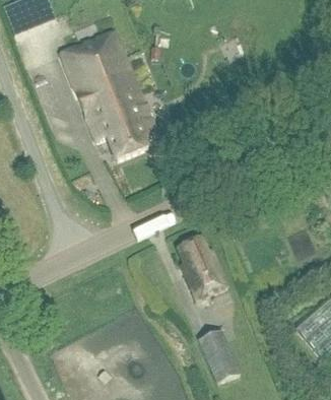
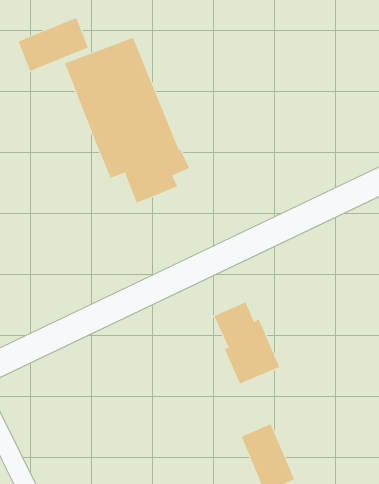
building: none -> [18,17,89,72]

